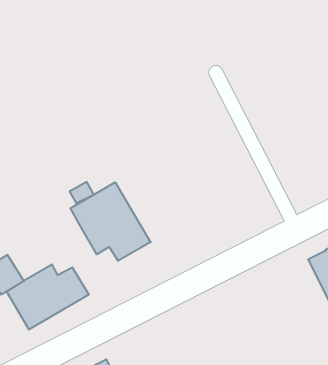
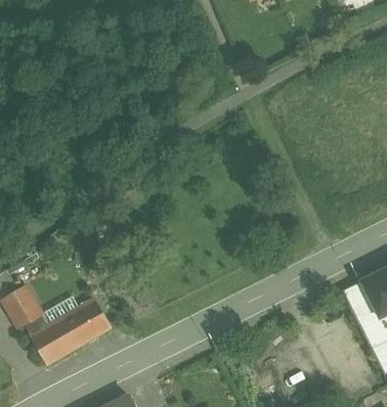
building: [70,182,151,261] -> none

